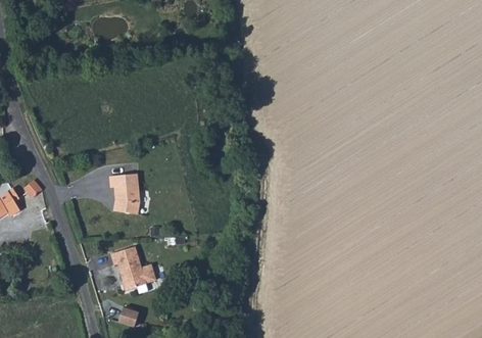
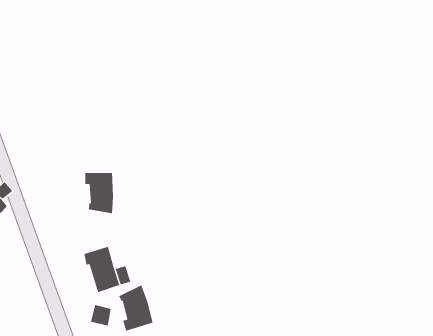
building: none -> [118,284,153,332]

